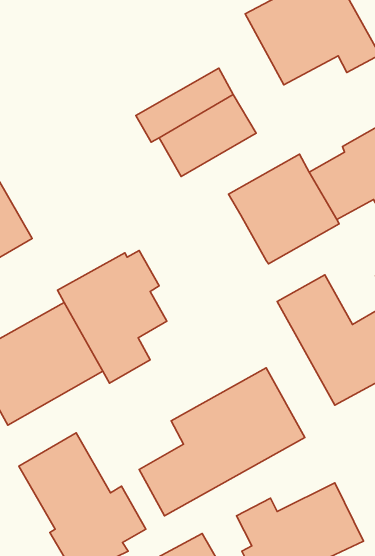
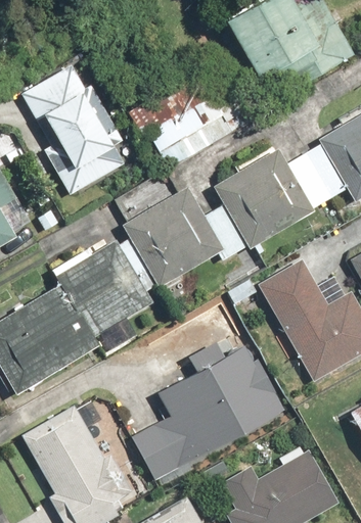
building: none -> [21,64,124,195]
building: none -> [124,186,249,287]

